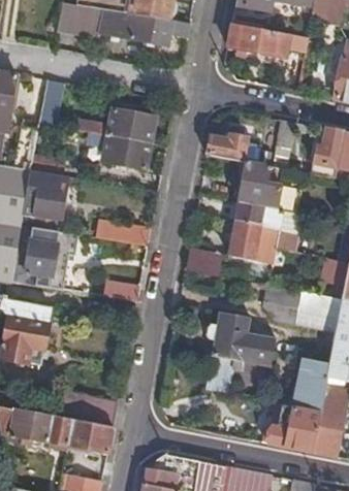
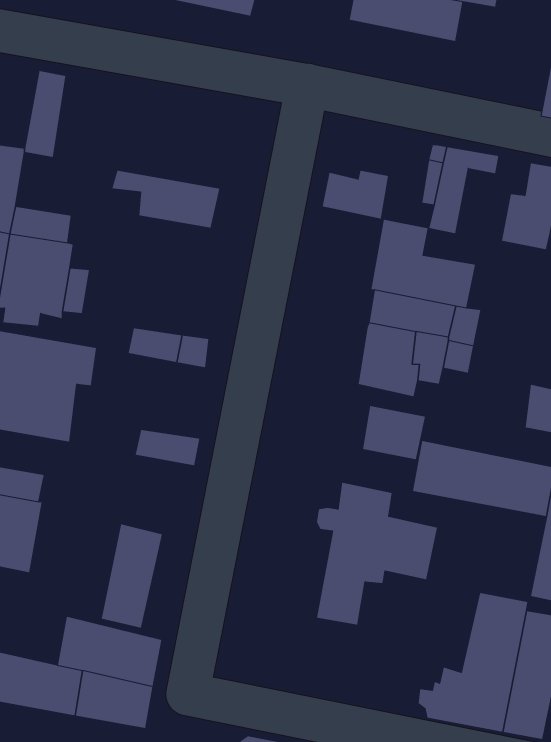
building: [73,107,154,143] -> none
building: [186,247,222,277] -> [362,406,426,460]
building: none -> [101,524,163,629]

